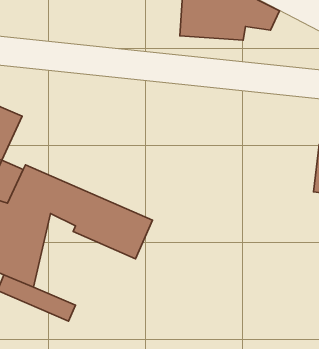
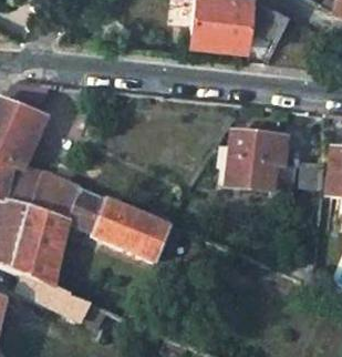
building: none -> [228,134,299,200]

